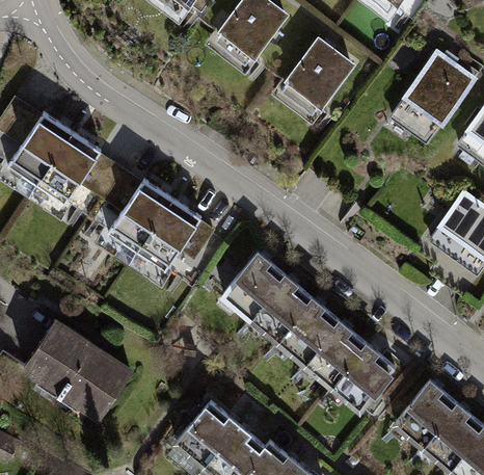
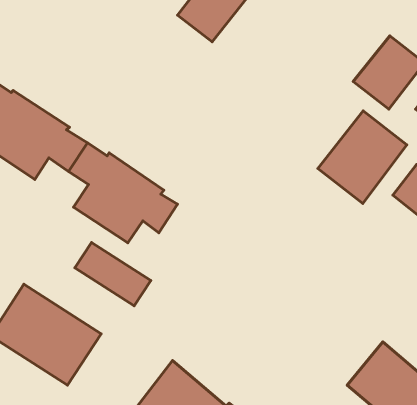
building: [279,38,354,115] -> none
building: none -> [318,111,407,203]
building: [218,249,398,414] -> none
building: none -> [75,242,151,306]

